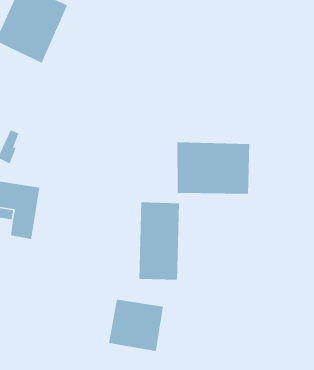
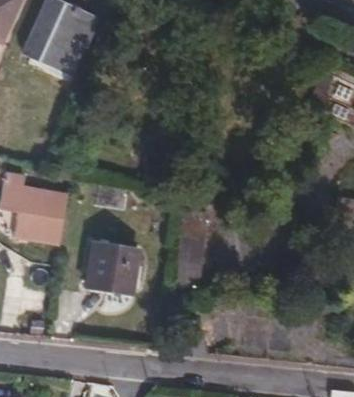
building: [176,142,250,195] -> none
building: [108,299,164,352] -> [85,242,139,293]

